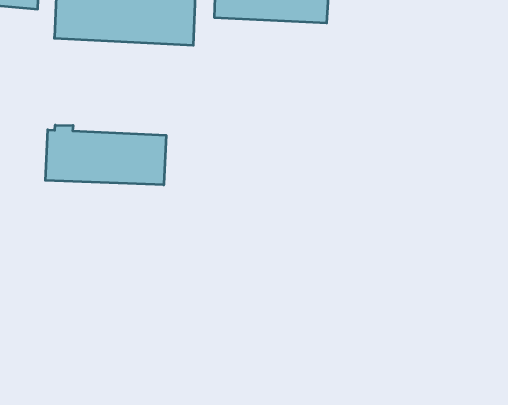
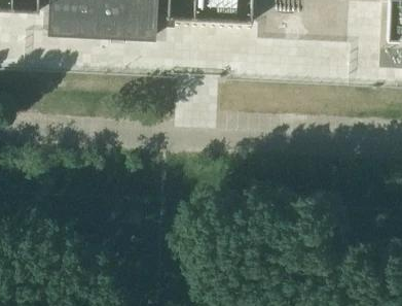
building: [45,125,166,185] -> none

